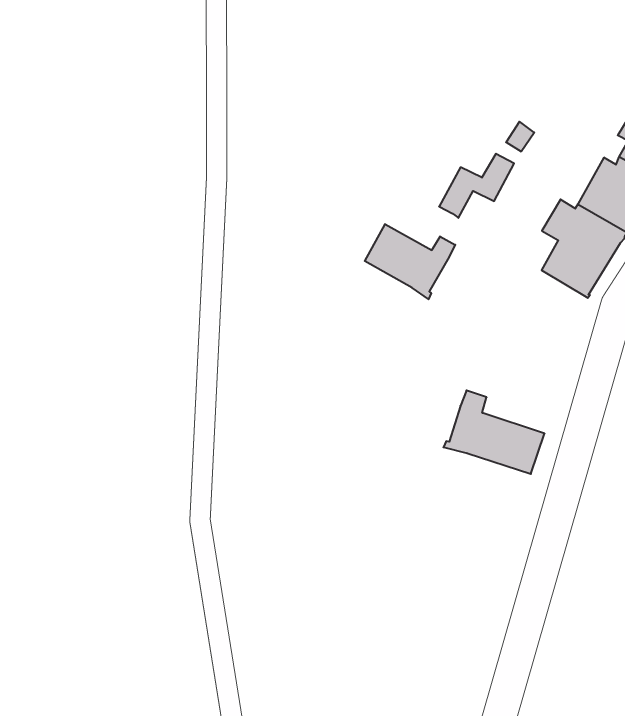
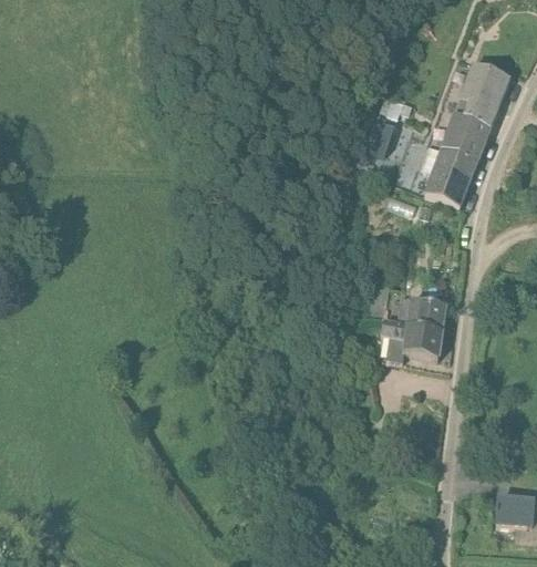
building: [365,224,455,299] -> none
building: none -> [380,322,443,359]

